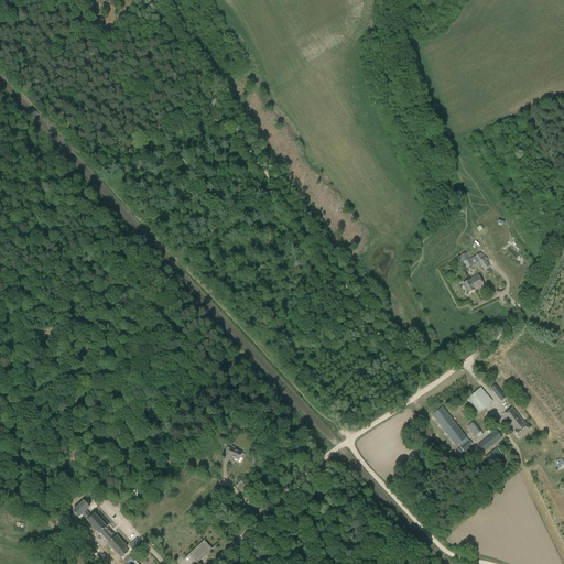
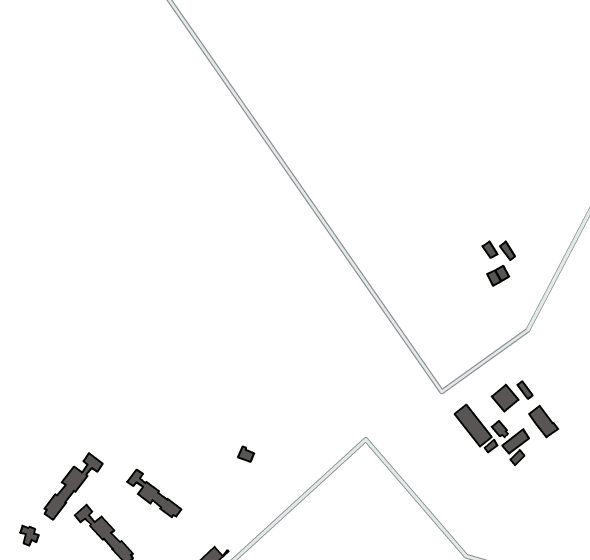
building: none -> [44,453,103,520]
building: none -> [127,470,181,517]

